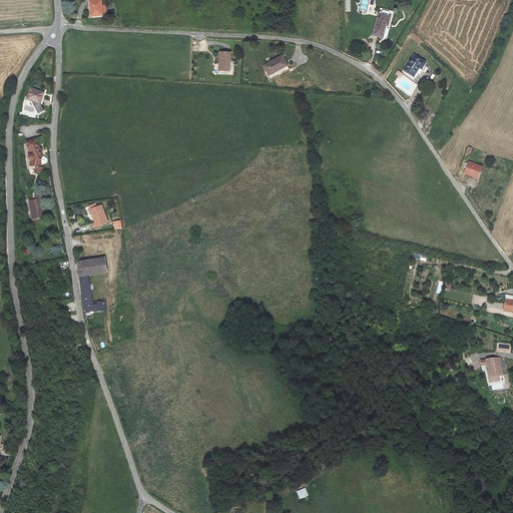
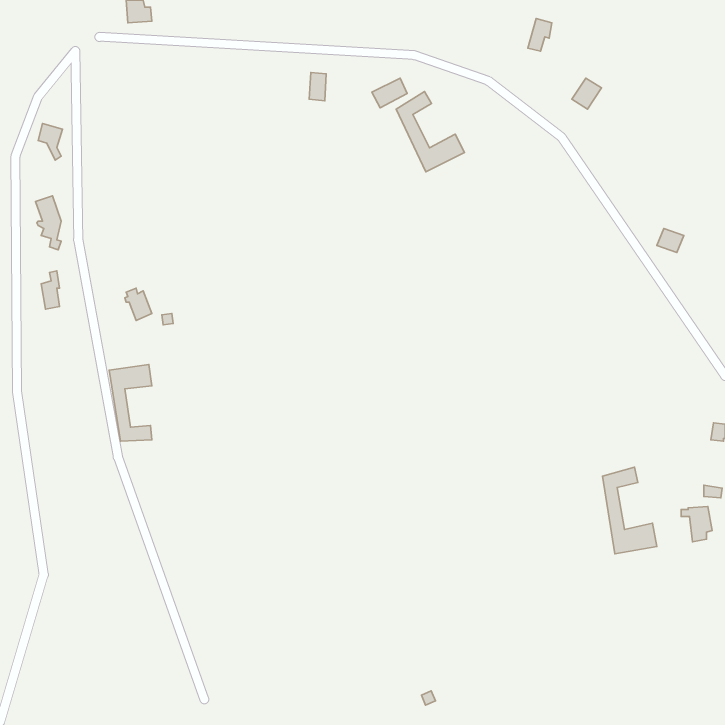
building: none -> [396,92,464,172]
building: none -> [602,467,657,554]

